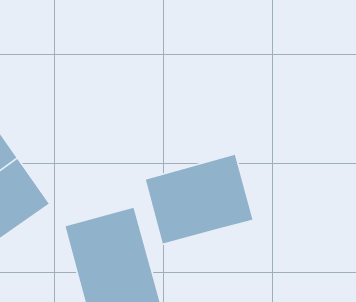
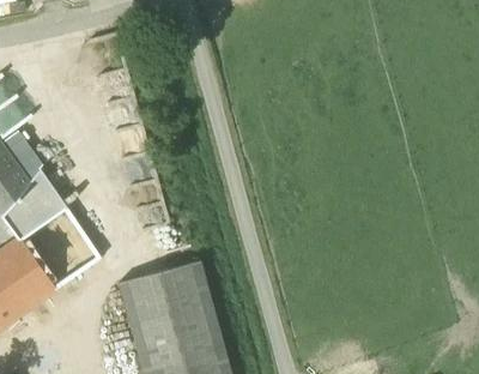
building: [145,154,253,245] -> none

